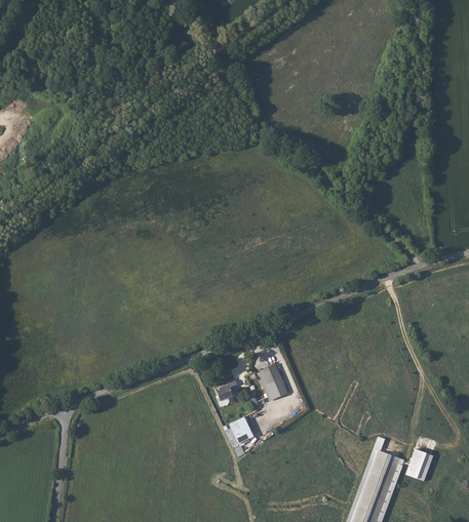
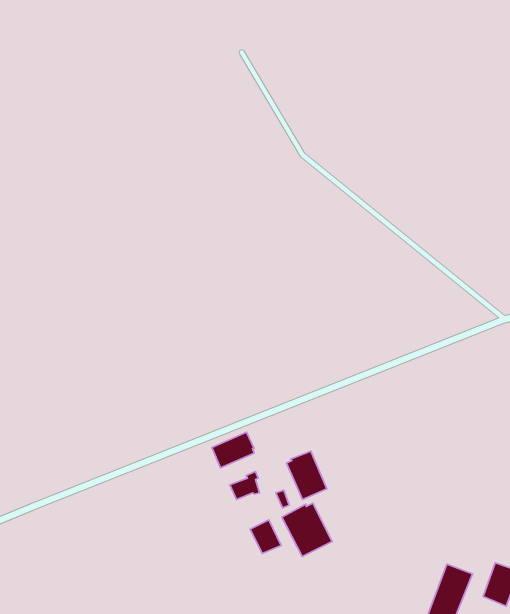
building: none -> [212,432,254,468]
building: none -> [282,503,332,556]

